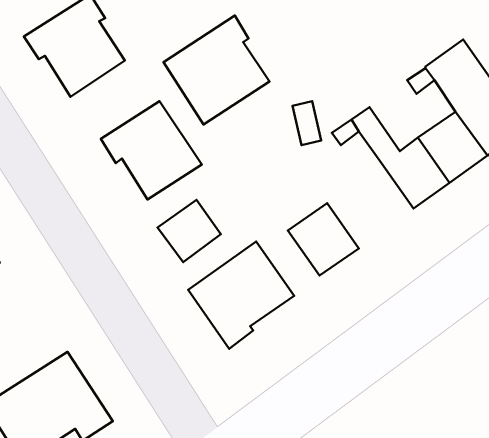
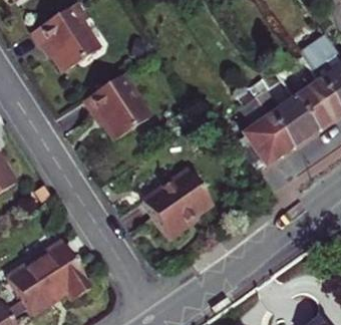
building: [163,16,269,125] -> none
building: [157,200,221,262] -> none
building: [288,203,359,276] -> [243,115,290,164]

